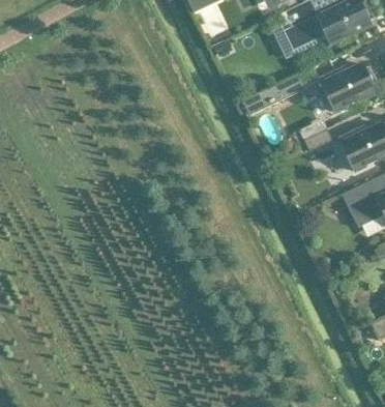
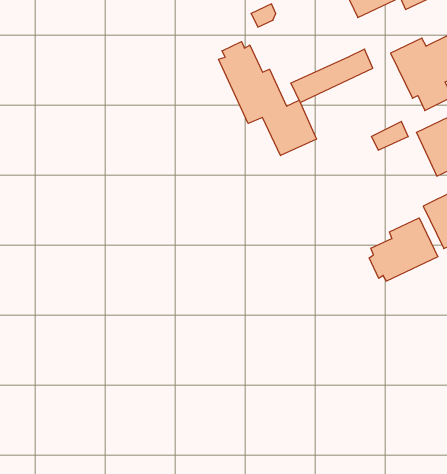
building: none -> [219,42,316,156]
building: none -> [369,218,438,281]

